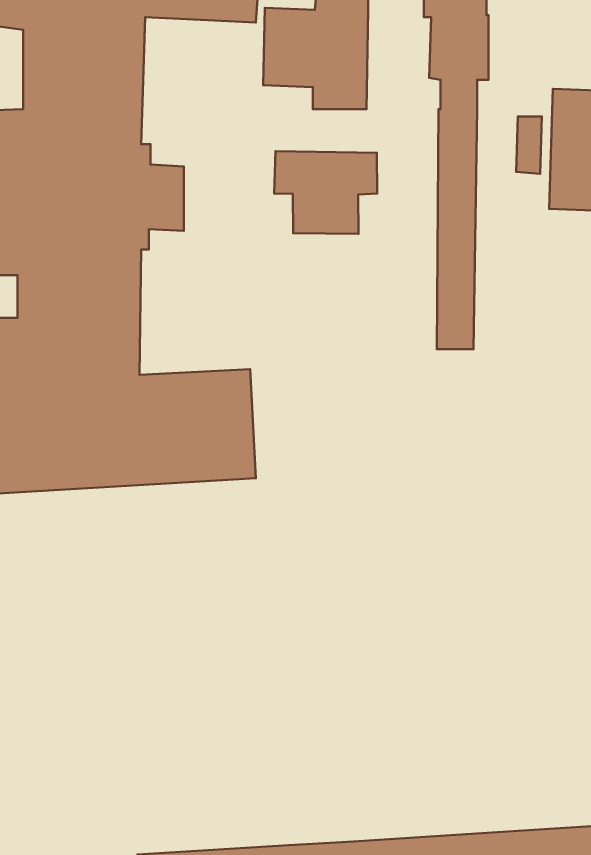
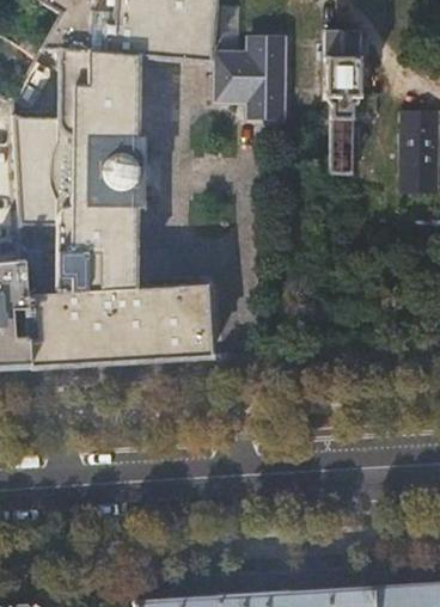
building: [274,151,377,234] -> none

